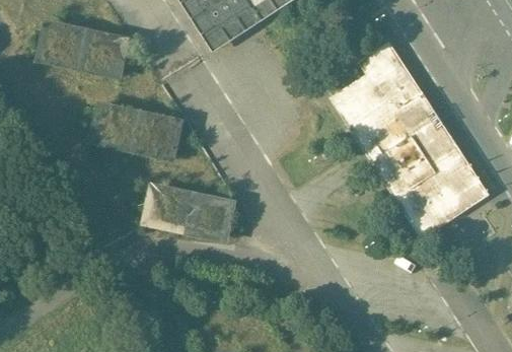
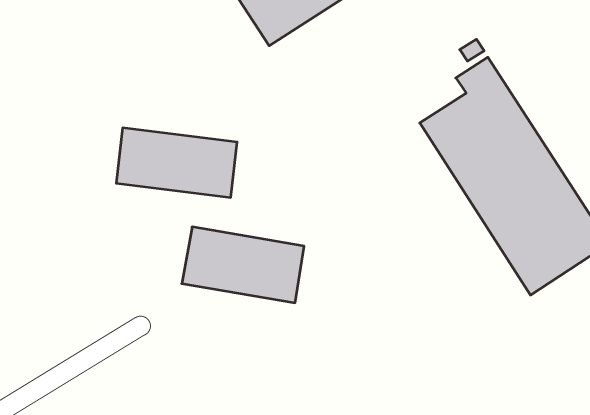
building: [44,22,137,79] -> none

